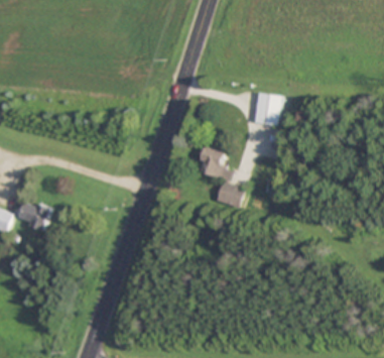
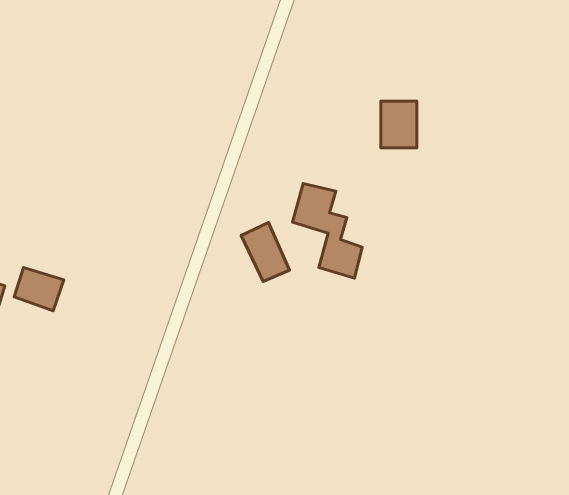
building: none -> [241,223,290,281]

